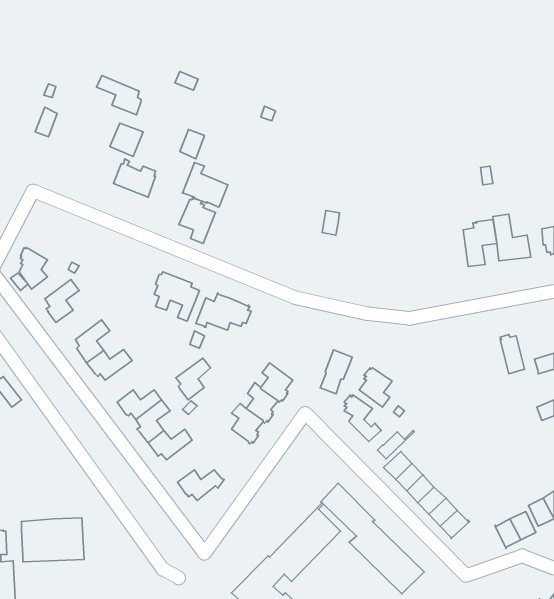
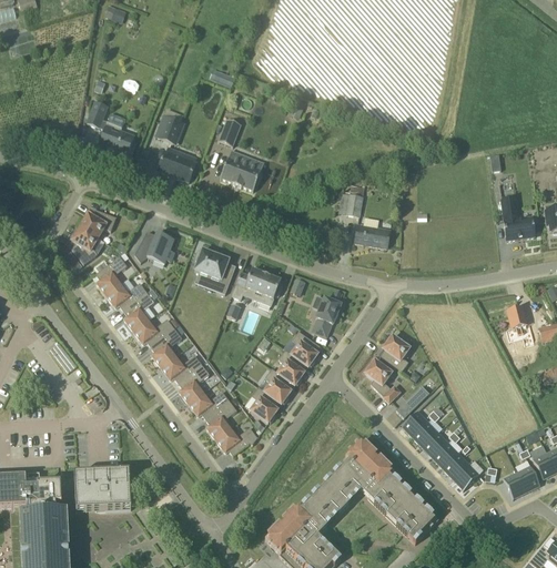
building: [97,76,141,115] -> none
building: none -> [98,120,135,158]
building: [179,198,216,243] -> none
building: [463,220,497,267] -> none
building: none -> [79,209,115,237]
building: none -> [354,225,389,247]
building: none -> [134,231,175,262]
building: none -> [105,282,146,310]
building: [320,350,352,394] -> [312,296,341,336]
building: [176,358,210,400] -> [150,328,181,366]
building: none -> [250,386,280,422]
building: none -> [205,400,236,438]

